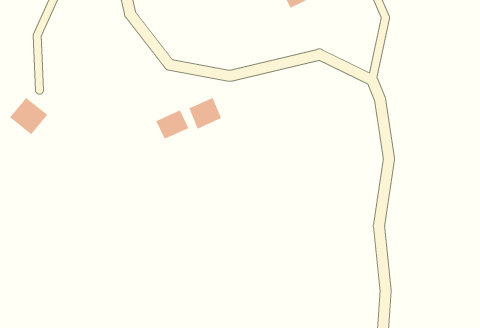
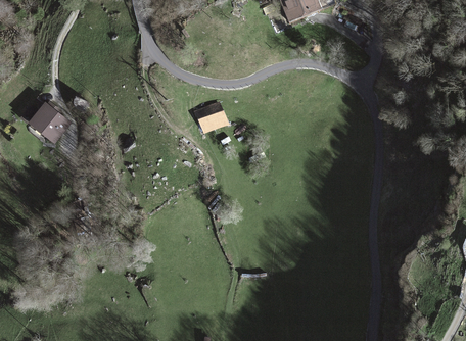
building: [155,110,189,140] -> none

